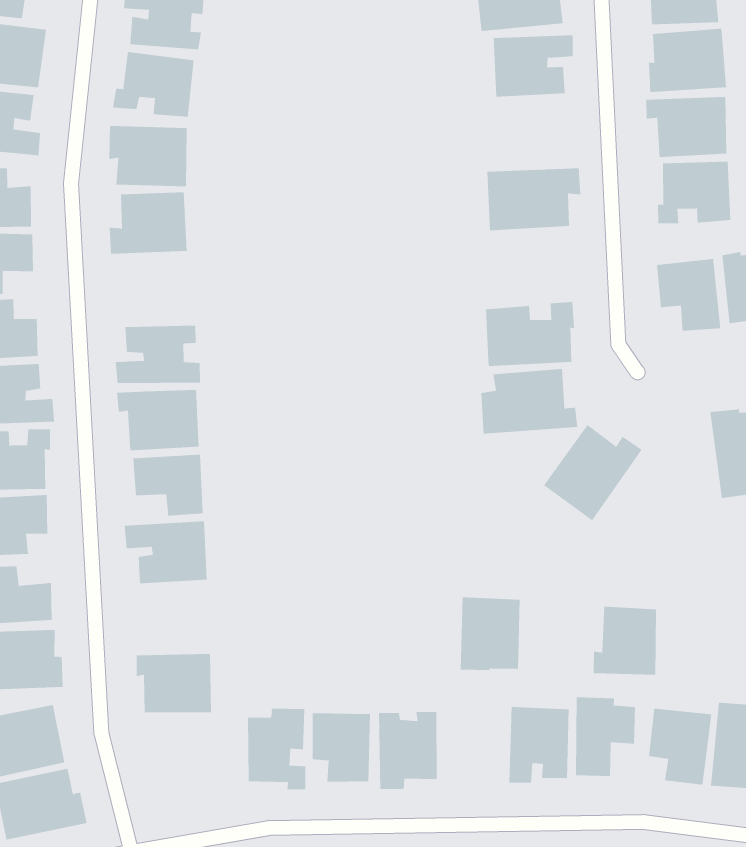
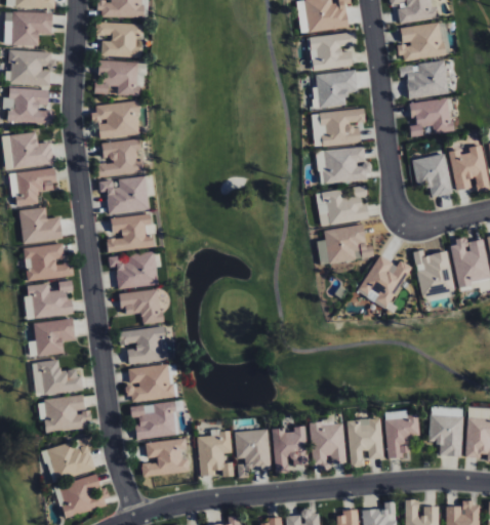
building: none -> [312,70,358,109]
building: none -> [317,147,367,184]
building: none -> [98,175,149,215]
building: none -> [413,249,455,299]
building: none -> [128,365,172,401]
building: [460,597,521,670] -> [310,422,345,466]
building: [593,606,657,675] -> none
building: none -> [141,439,188,476]

